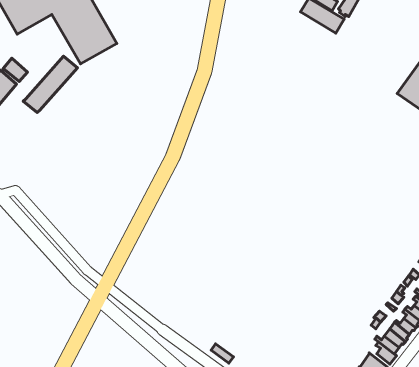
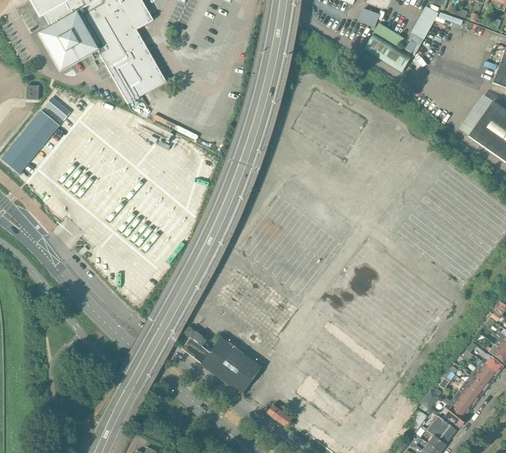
building: [23,56,77,113] -> none
building: none -> [181,327,261,393]

